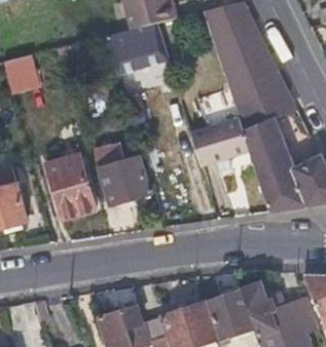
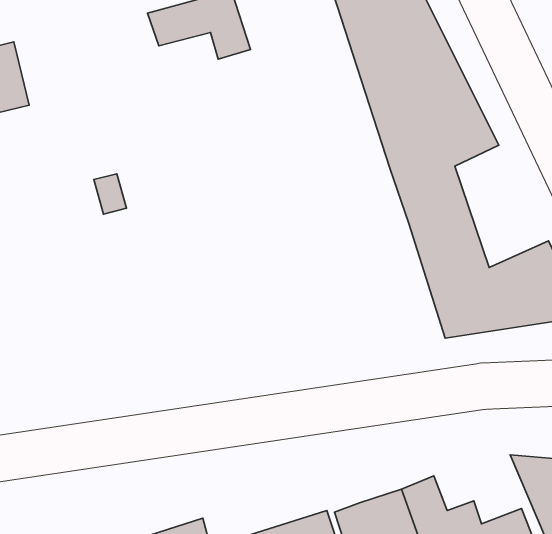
building: [186,118,247,164] -> none
building: [95,147,148,208] -> none
building: [44,158,93,221] -> none

